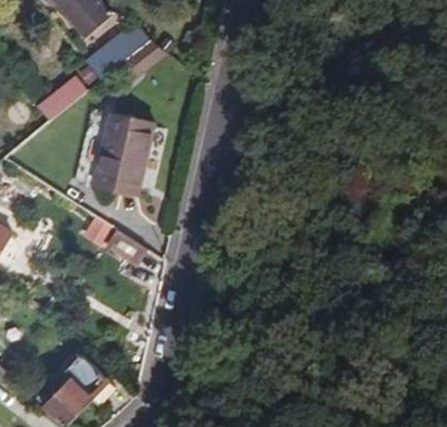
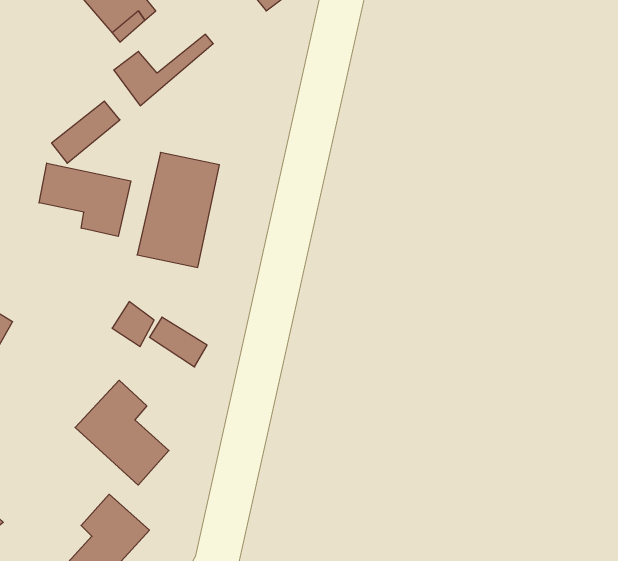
building: none -> [39,163,131,236]
building: none -> [75,380,169,485]

